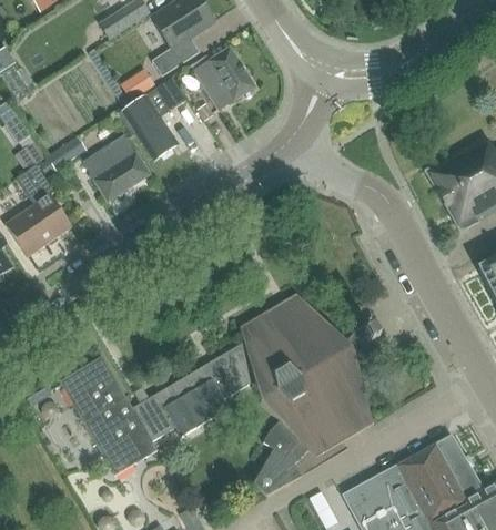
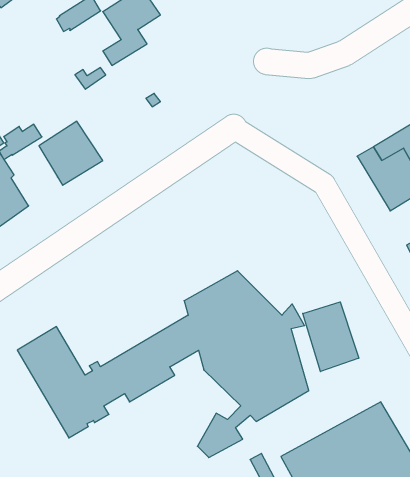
building: [189,45,255,112] -> none
building: [117,77,186,161] -> none
building: none -> [303,302,359,372]

